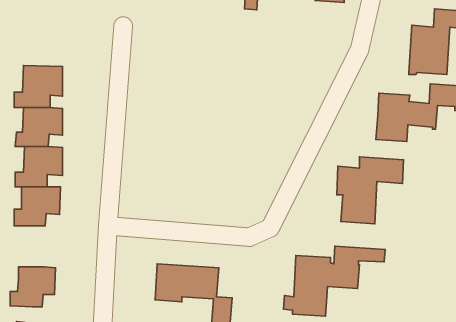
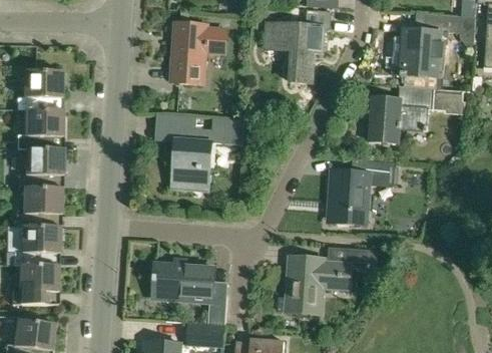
building: none -> [266,10,333,85]
building: none -> [170,22,226,85]
building: none -> [165,113,244,190]
building: none -> [12,226,57,266]

